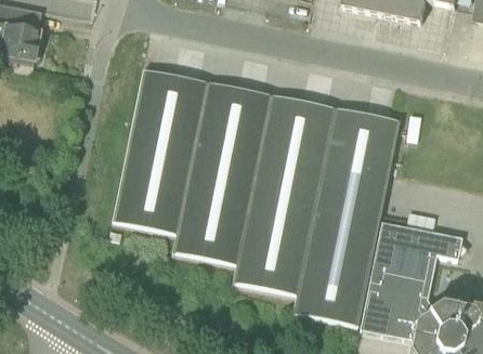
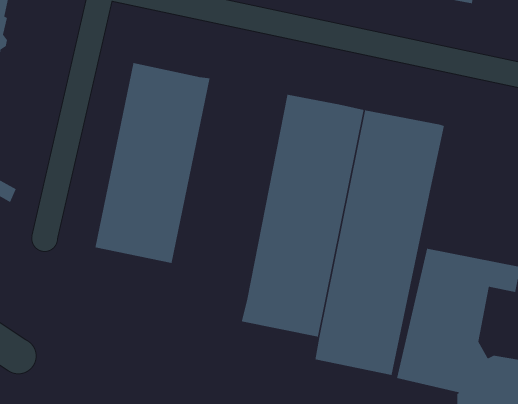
building: [173,81,271,264] -> none

